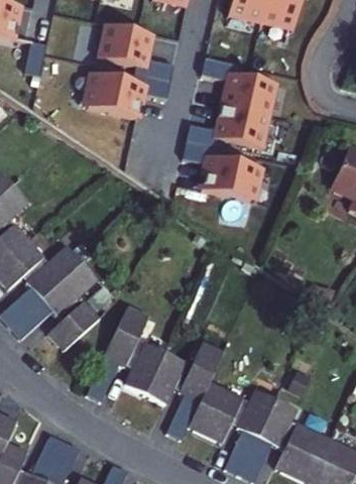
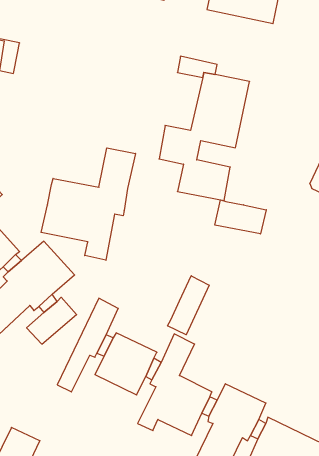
building: [89,29,175,124] -> none
building: none -> [41,148,135,260]
building: none -> [215,200,266,234]
building: none -> [168,276,209,335]

